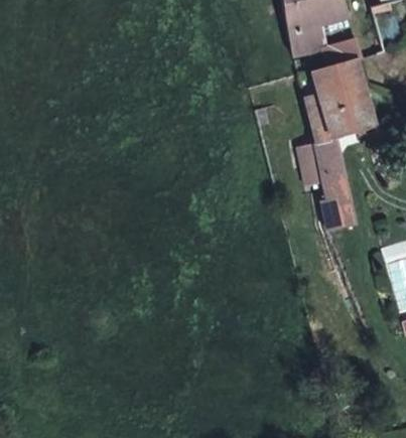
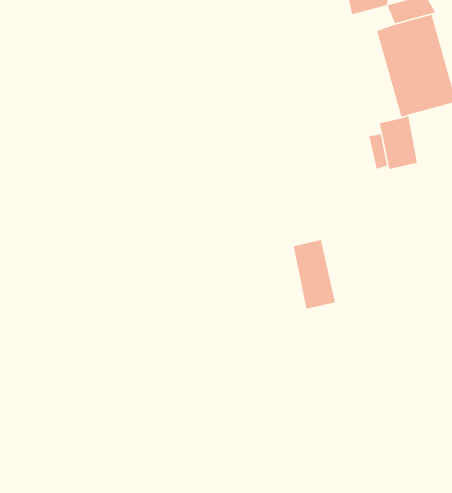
building: [321,172,355,227] -> [293,239,336,309]

